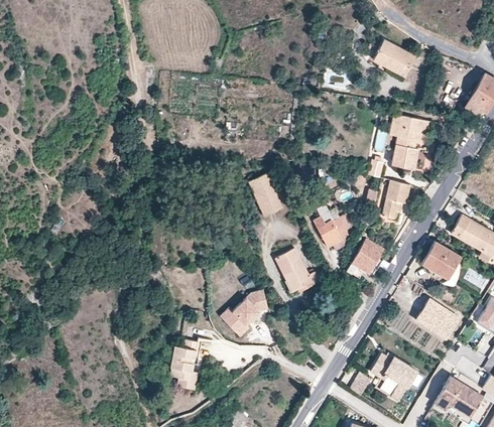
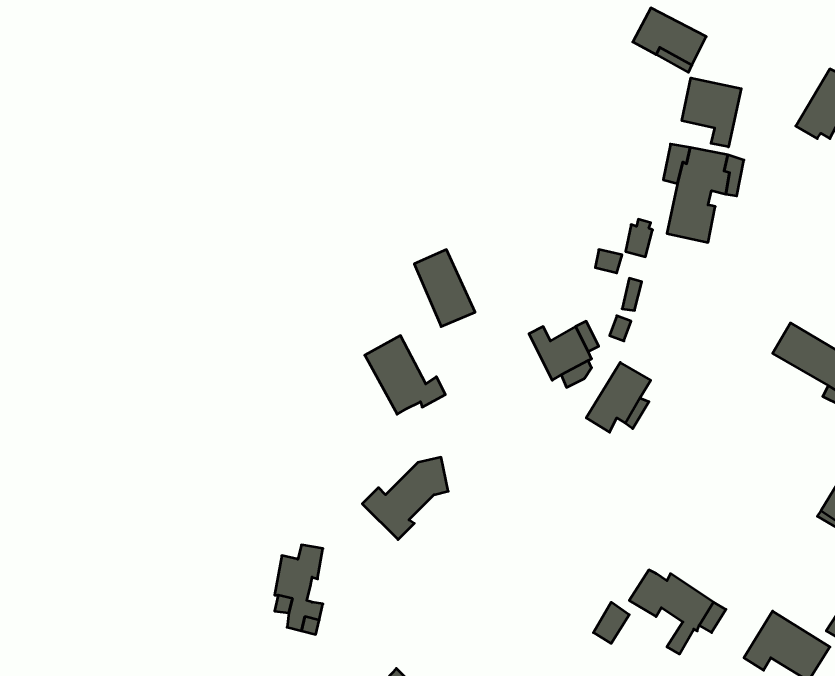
building: none -> [682,78,741,147]
building: [382,181,409,220] -> none
building: [421,243,461,279] -> none
building: [274,249,320,293] -> [365,336,445,414]
building: [415,299,459,340] -> none

